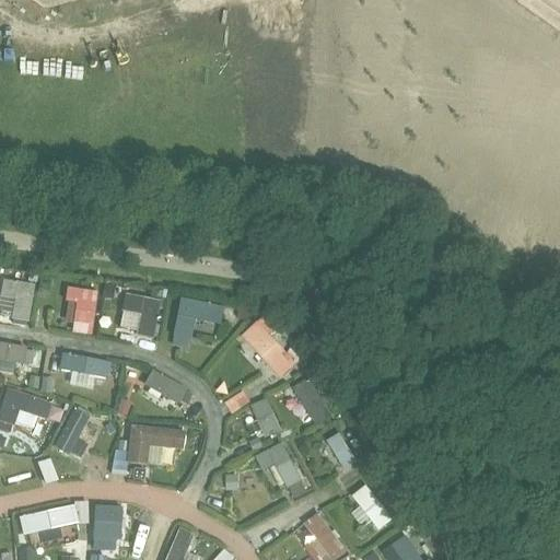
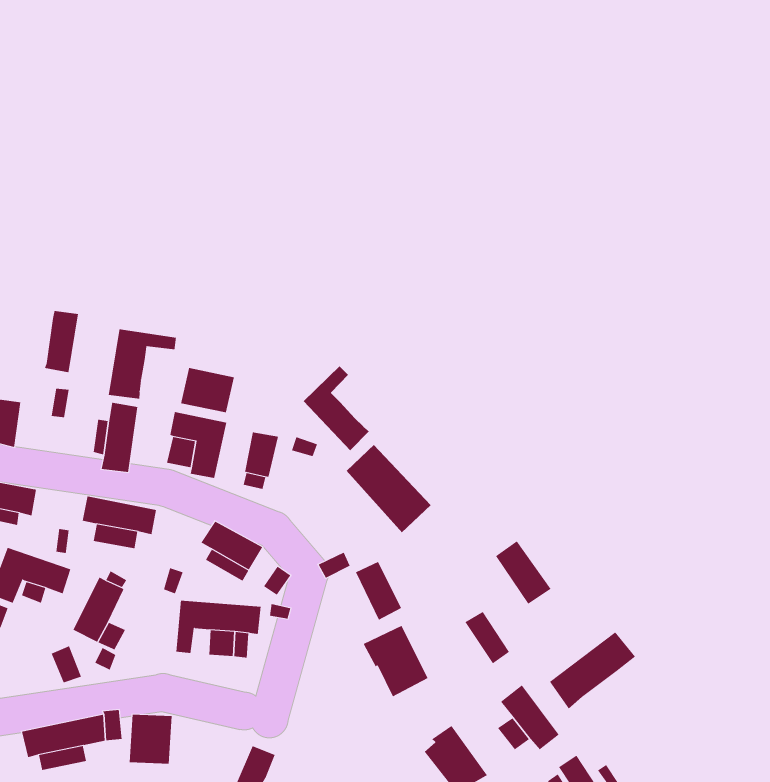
building: none -> [108,329,177,400]
building: none -> [303,366,370,451]
building: none -> [180,367,235,413]
building: [11,280,35,324] -> [44,311,79,373]
building: [294,377,334,422] -> [495,541,551,605]
building: none -> [549,631,636,710]

